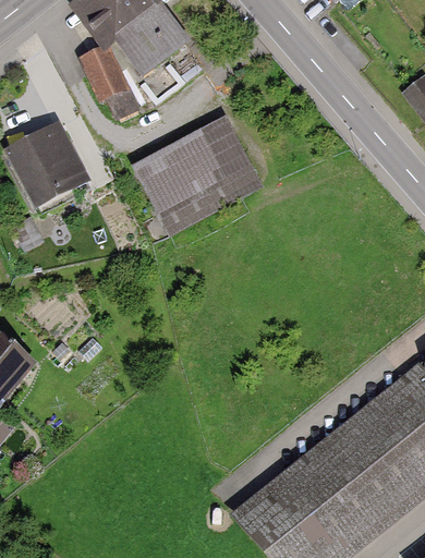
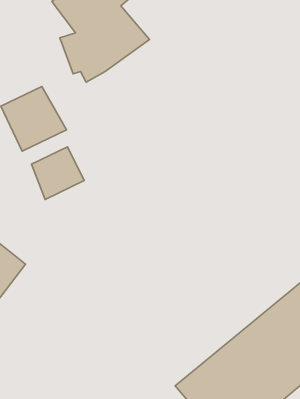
building: [132,114,260,231] -> none
building: none -> [31,147,84,199]

